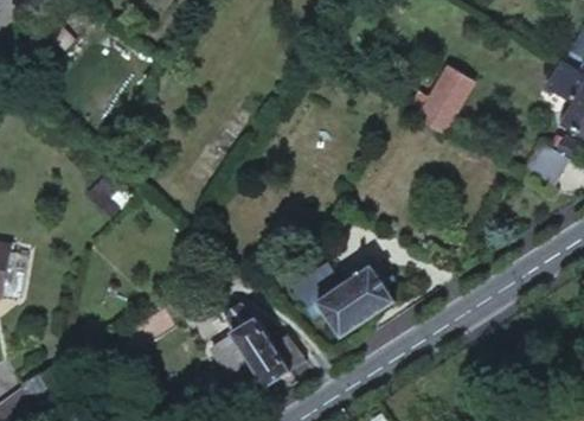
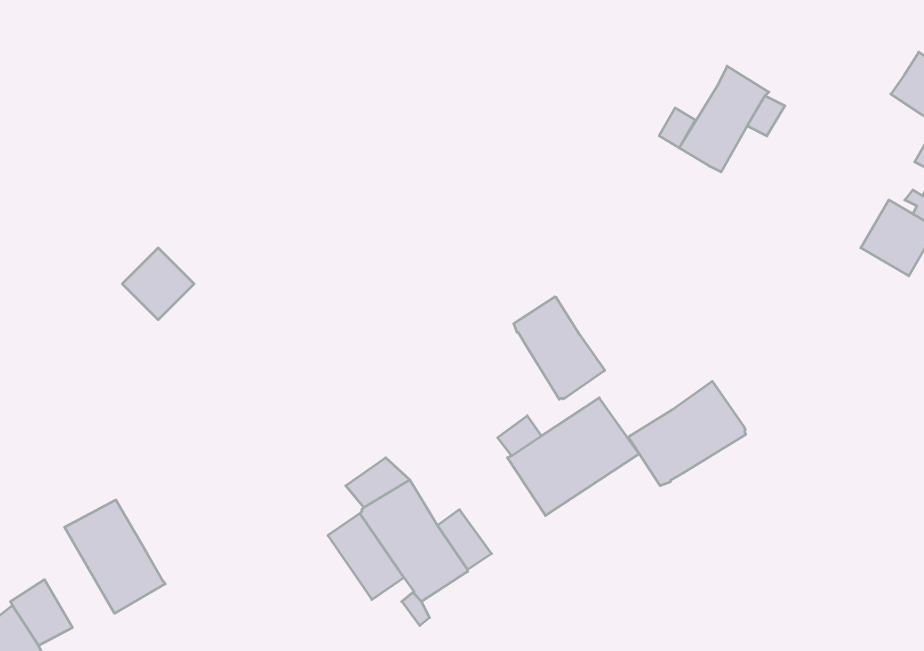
building: none -> [514,297,605,399]
building: none -> [629,381,746,486]
building: none -> [65,500,165,613]

